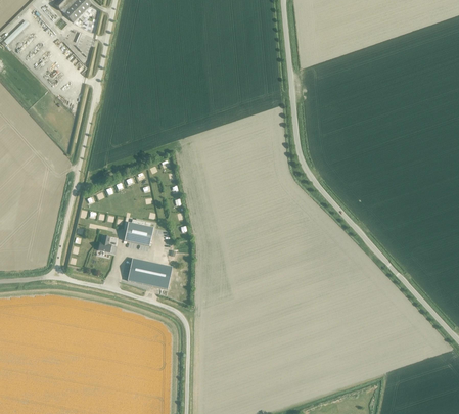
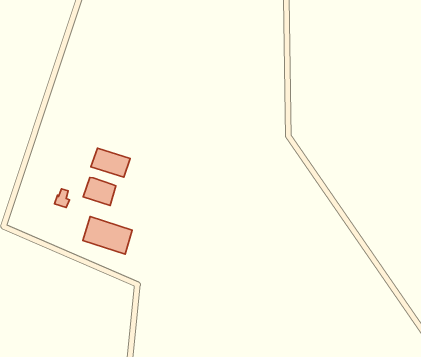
building: none -> [91,148,130,177]

